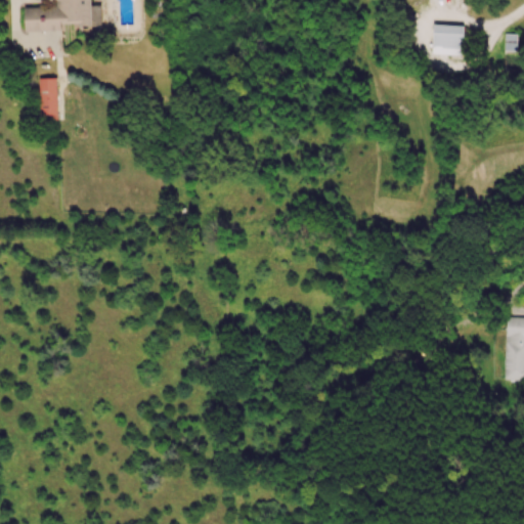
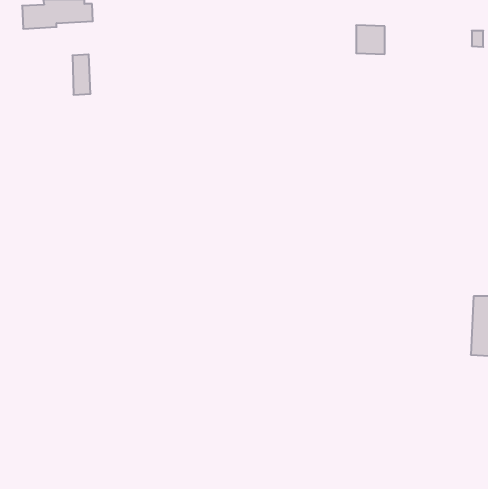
building: [434,24,465,54] -> [356,25,385,54]
building: [41,77,60,120] -> [72,54,91,95]

